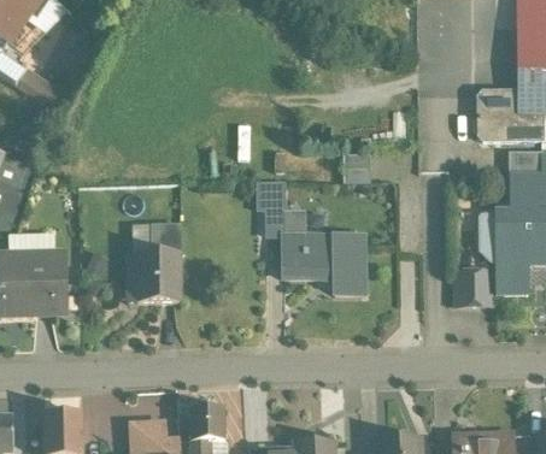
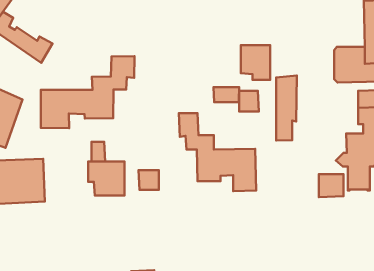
building: none -> [241,45,270,80]
building: none -> [41,56,135,128]
building: none -> [276,76,297,140]
building: none -> [213,87,239,102]
building: [151,226,180,254] -> [139,170,159,190]

